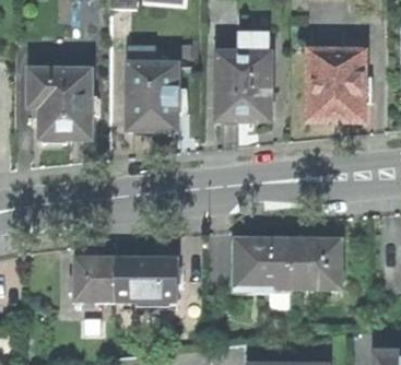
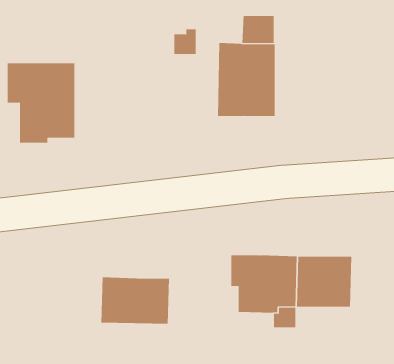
building: [130,45,178,125] -> none
building: [309,45,364,116] -> none
building: [75,259,116,301] -> none

